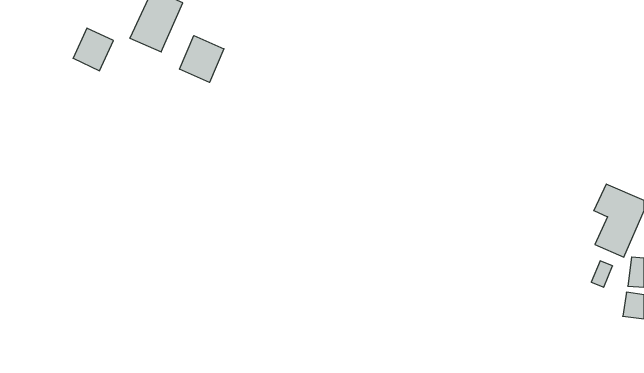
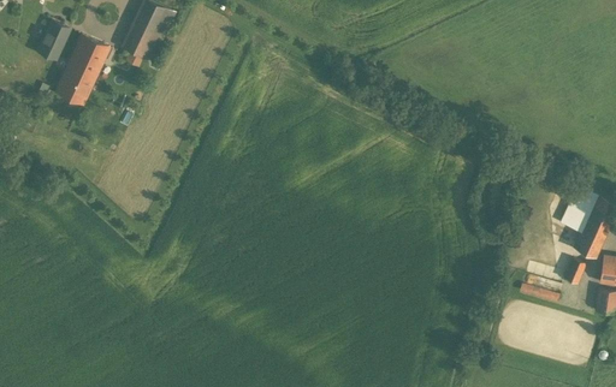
building: none -> [38,23,70,60]
building: [180,36,224,82] -> none
building: none -> [58,66,95,103]

